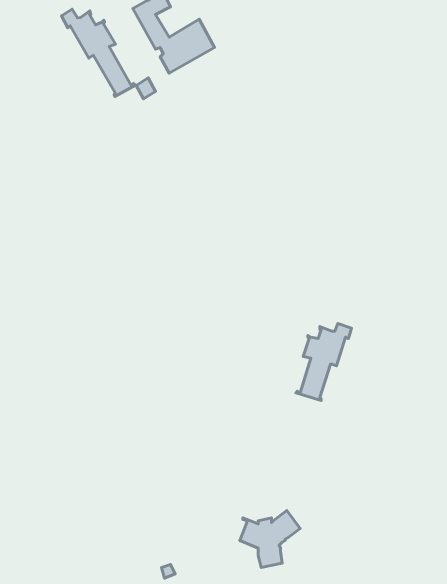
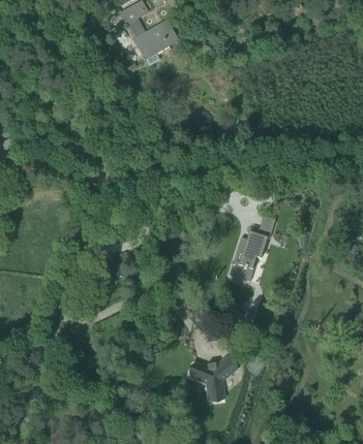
building: [61,9,135,97] -> none

